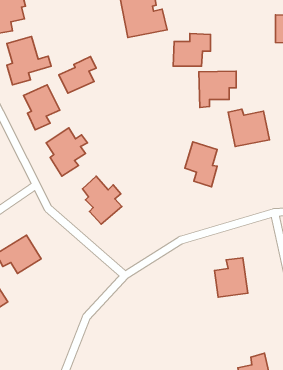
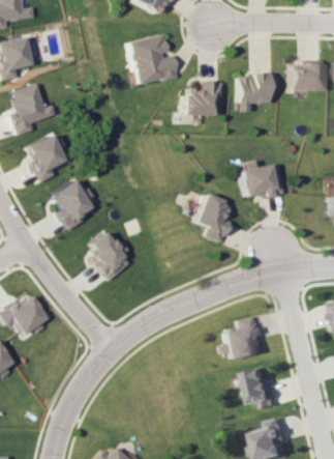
building: [59,57,96,93] -> none
building: [199,71,236,107] -> [240,74,279,112]
building: none -> [245,369,278,407]

